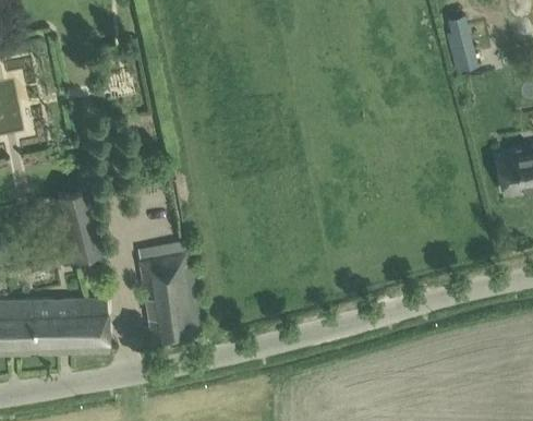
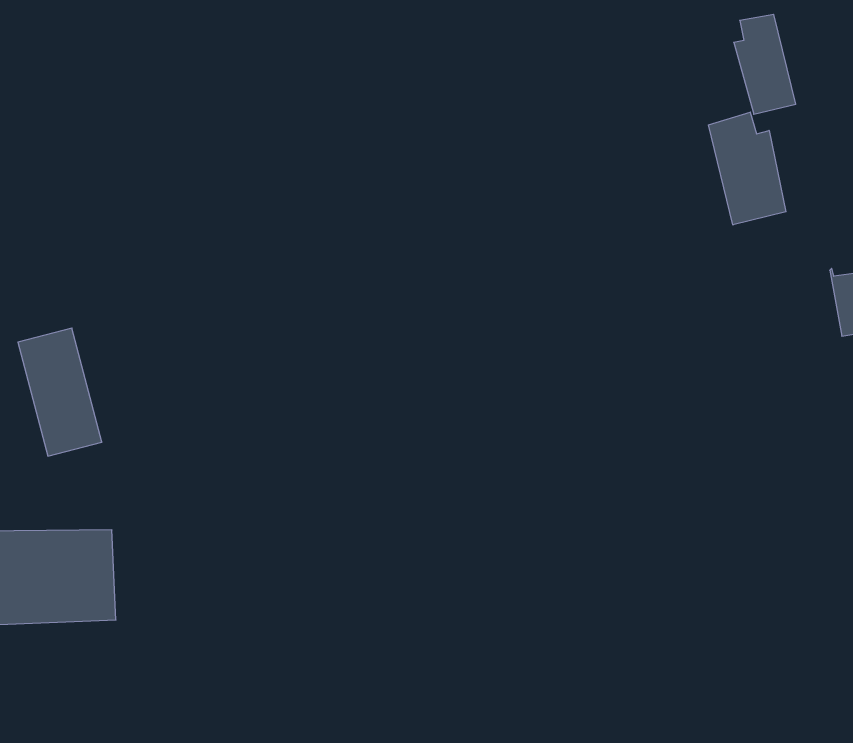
building: none -> [708,112,786,225]
building: [140,251,199,341] -> none

